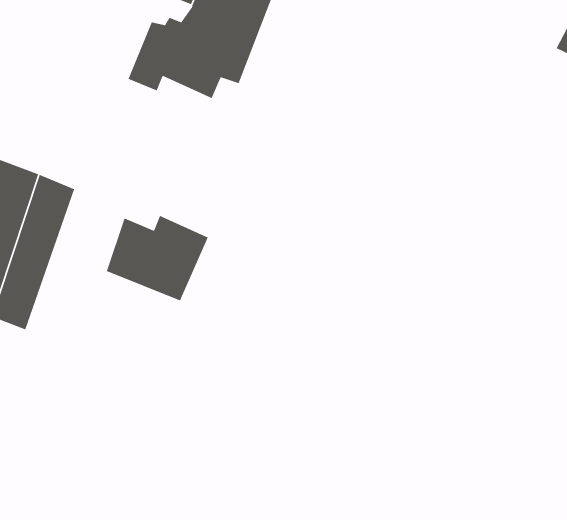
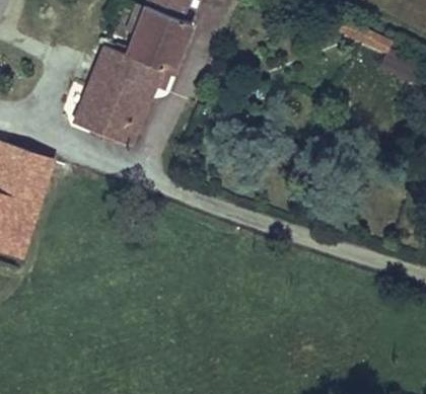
building: [106,215,209,301] -> [76,86,146,145]

